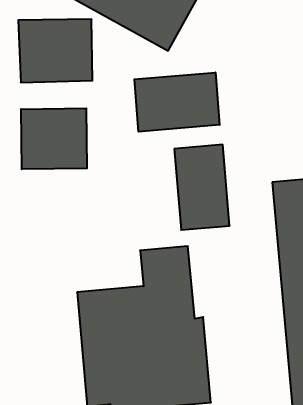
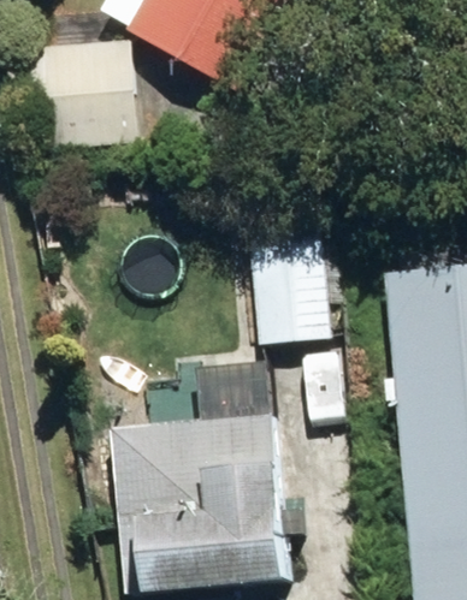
building: [134,72,220,132] -> none
building: [21,108,87,169] -> none

